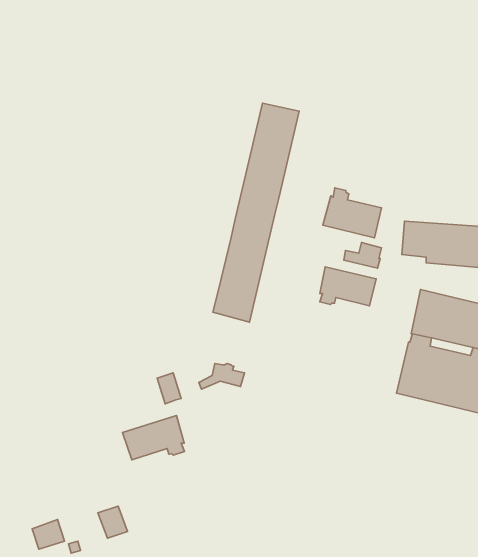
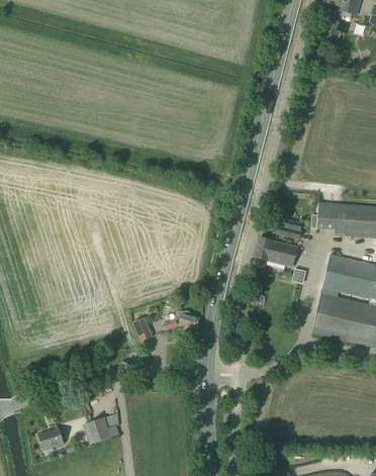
building: [213,103,299,322] -> none
building: [323,188,381,238] -> none
building: [123,415,185,460] -> none

